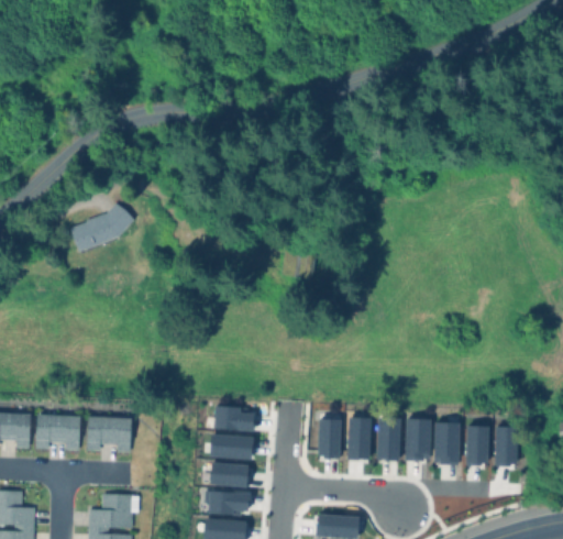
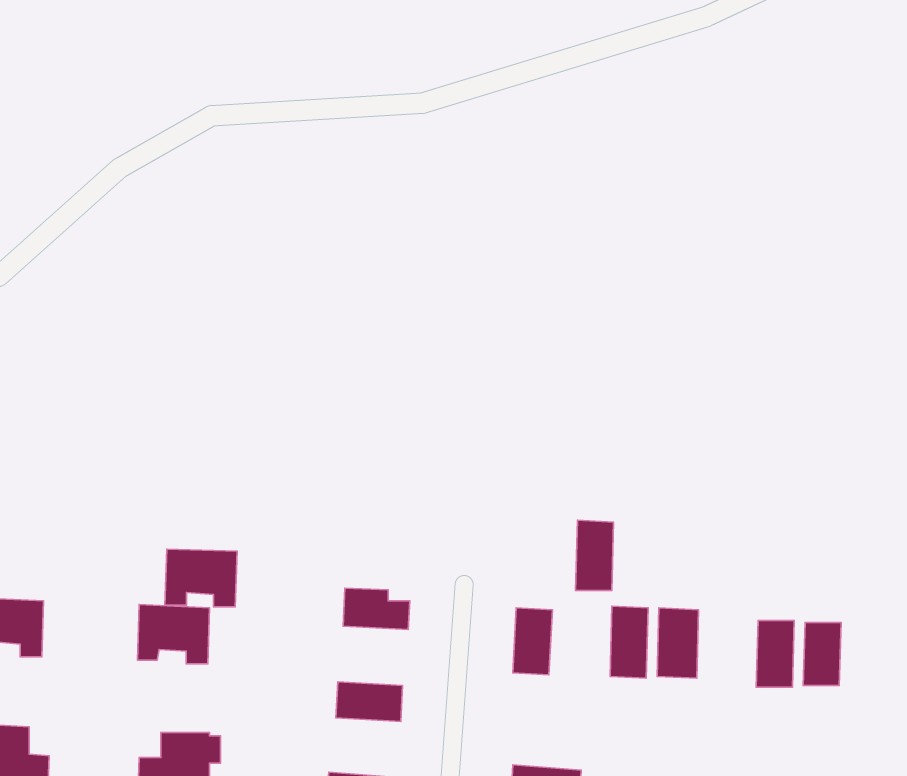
building: [70,202,134,252] -> none
building: [36,415,80,450] -> [165,549,237,607]
building: [346,417,369,460] -> [576,520,613,591]
building: [433,422,459,464] -> none
building: [209,435,253,460] -> none
building: [203,491,249,516] -> none

